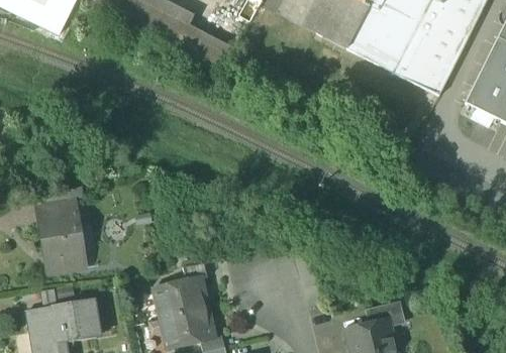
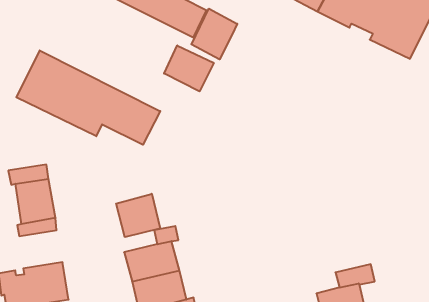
building: none -> [191,9,237,59]
building: none -> [164,45,214,91]
building: none -> [16,50,160,145]
building: none -> [116,194,160,237]

